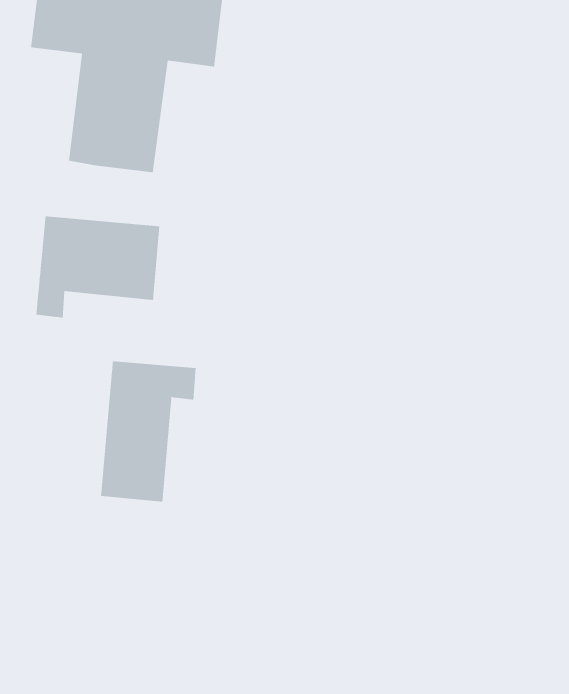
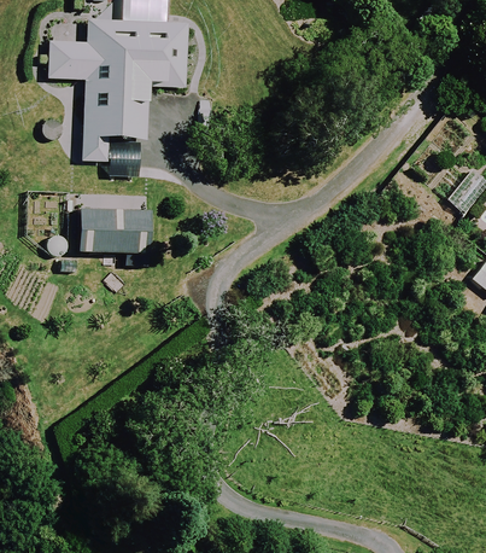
building: [100,361,196,503] -> none

